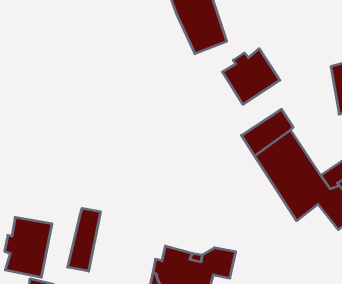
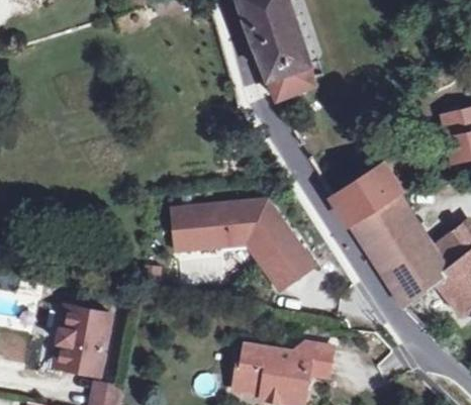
building: [222,49,280,104] -> none
building: none -> [175,200,316,291]
building: [68,208,100,271] -> none

